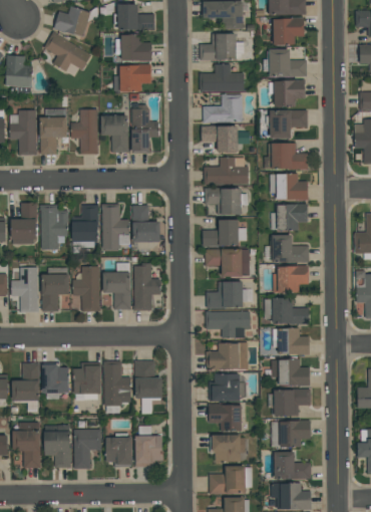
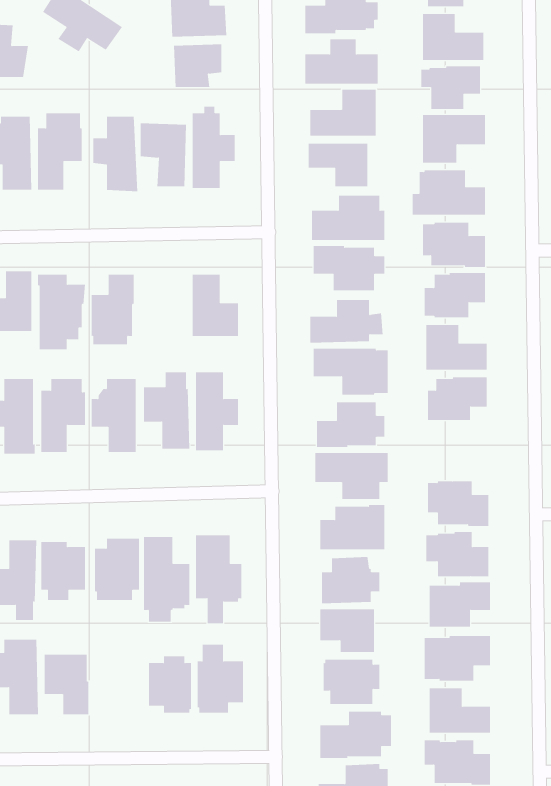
building: [101,204,129,250] -> none
building: [265,297,309,324] -> none
building: [74,430,101,469] -> none

